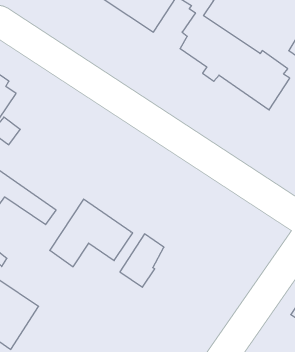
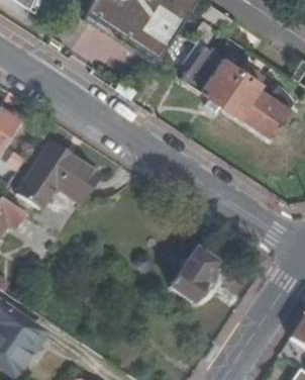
building: [50,199,133,267] -> [17,142,99,209]
building: [120,234,164,287] -> [173,250,216,302]

